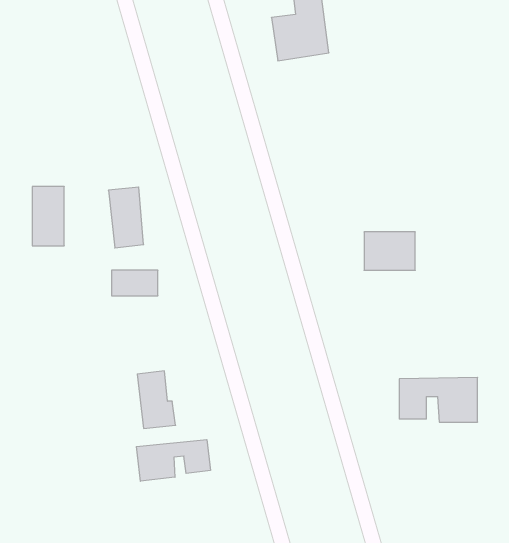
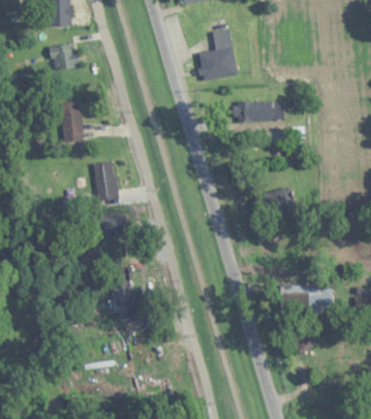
building: none -> [50,44,78,69]
building: [32,187,64,246] -> [60,101,81,139]
building: [136,440,210,481] -> none

